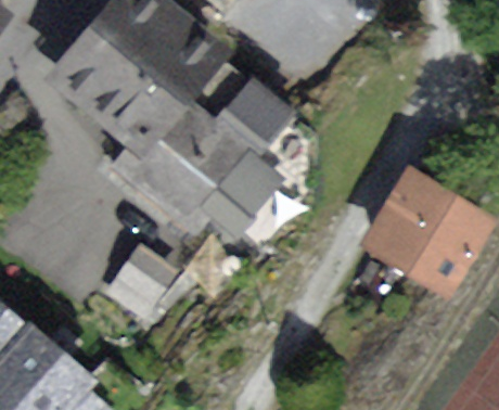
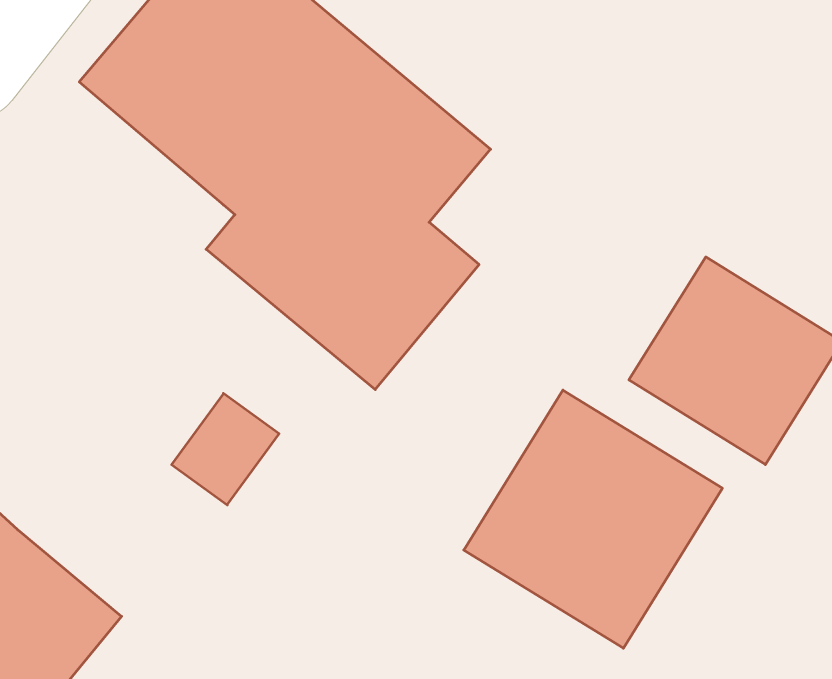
building: none -> [464,390,722,648]

